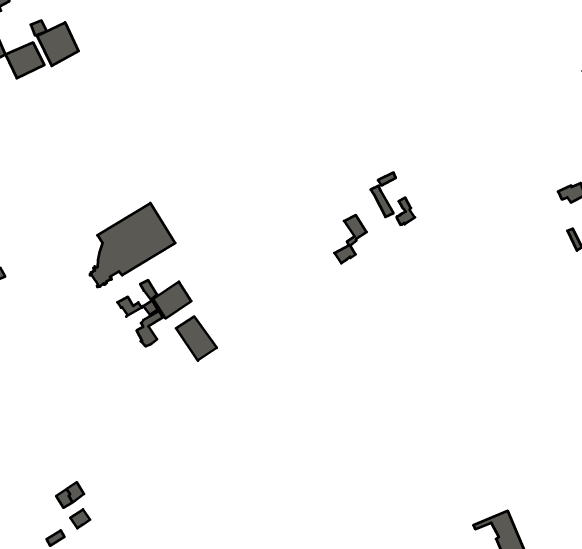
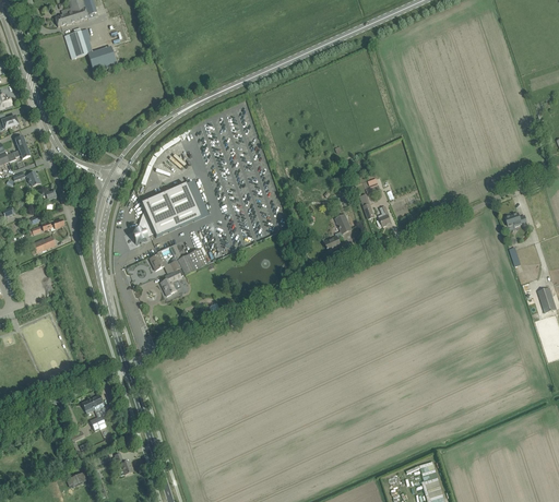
building: [37,22,79,66] -> none
building: [176,317,217,361] -> none

